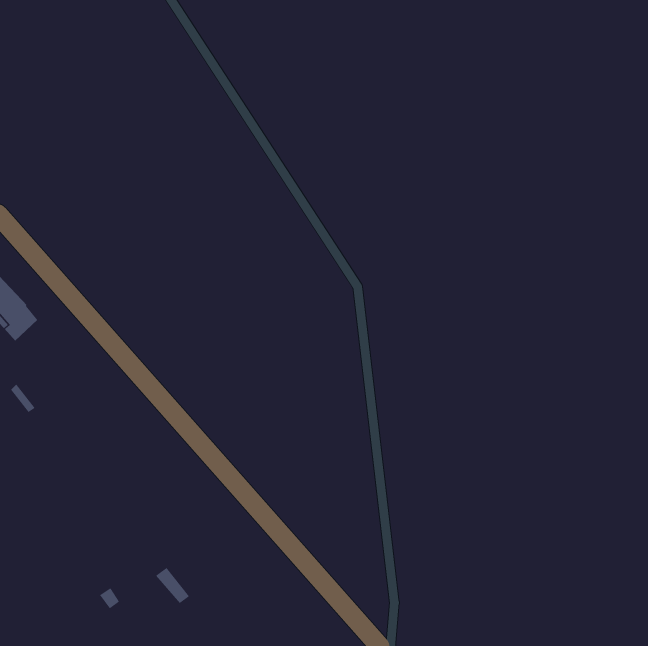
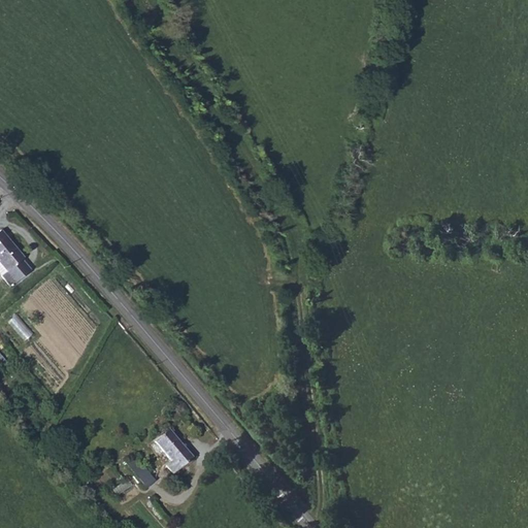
building: none -> [155,430,191,473]

